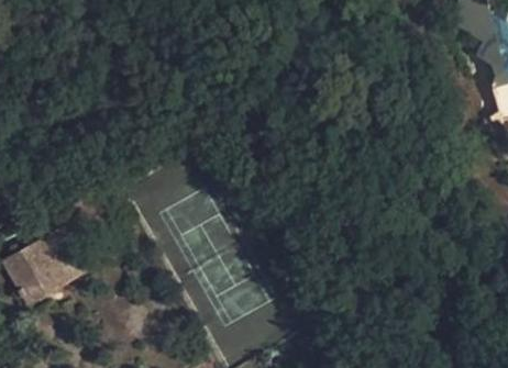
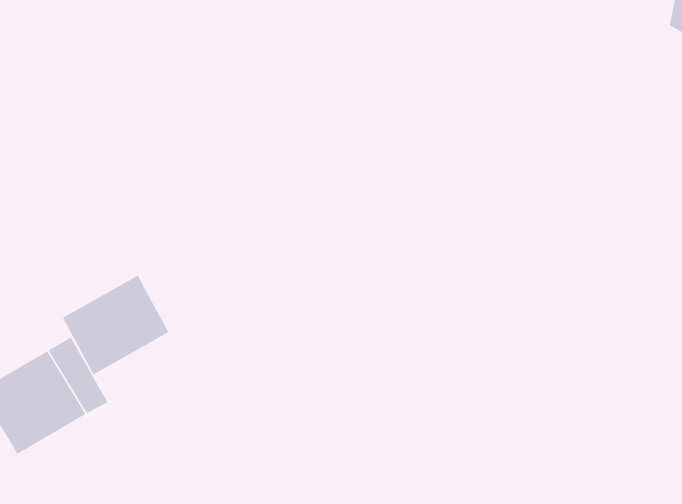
building: none -> [62,274,169,375]

